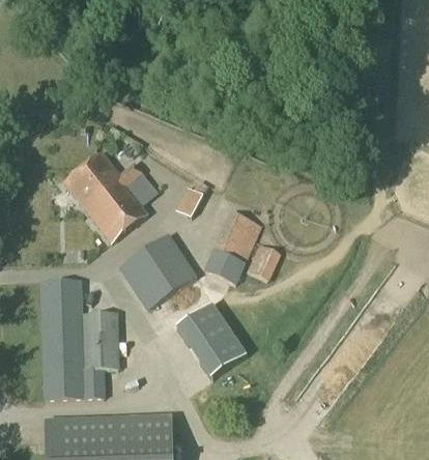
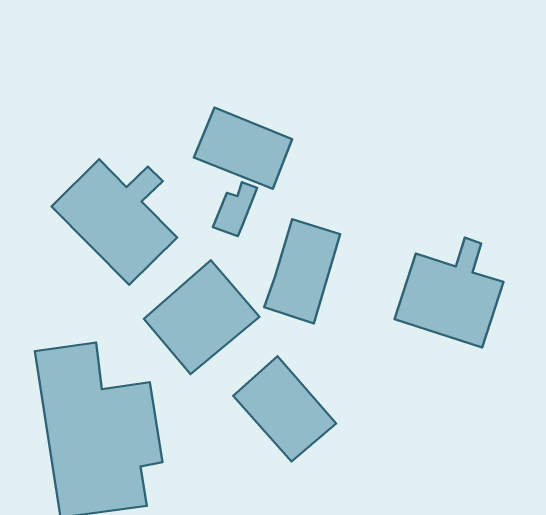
building: none -> [194,108,292,189]
building: none -> [395,238,503,348]
building: [247,242,281,281] -> none

